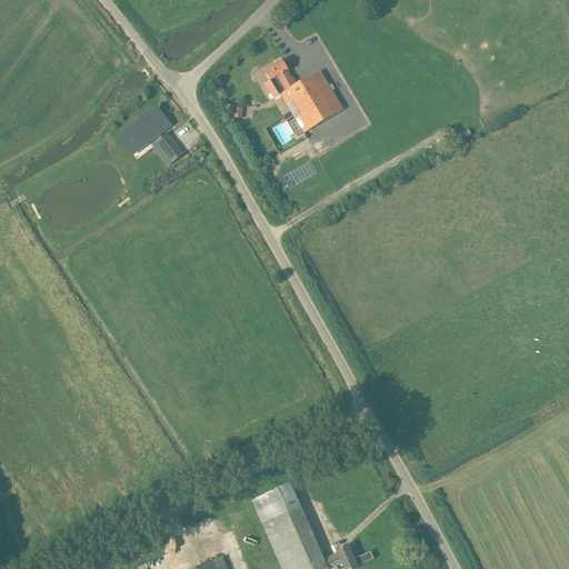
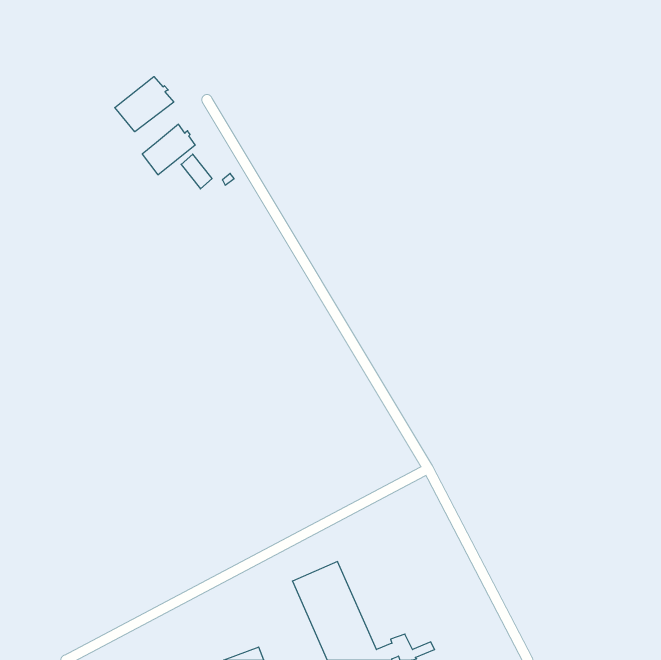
building: [263,59,343,132] -> none
building: none -> [115,77,174,132]

